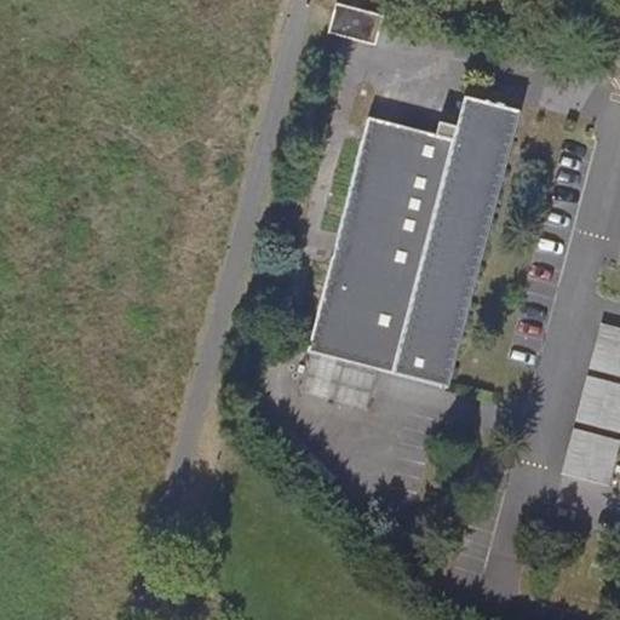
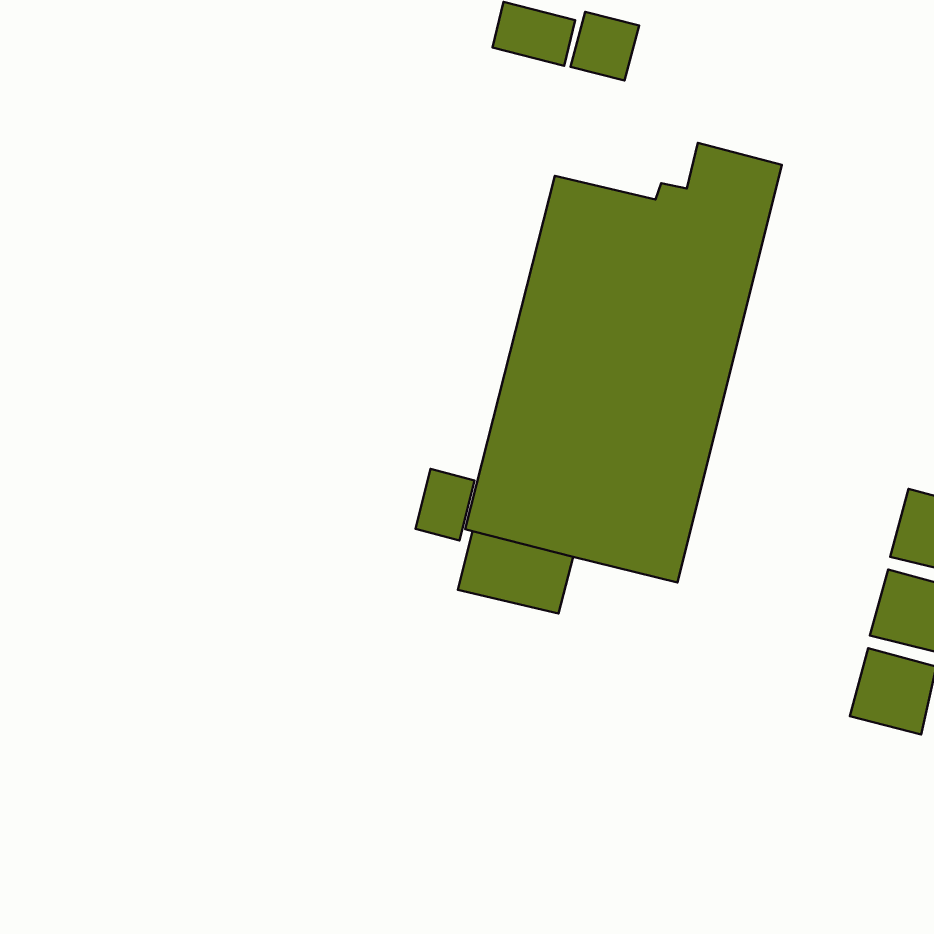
building: none -> [571,12,639,81]
building: none -> [415,469,475,540]

